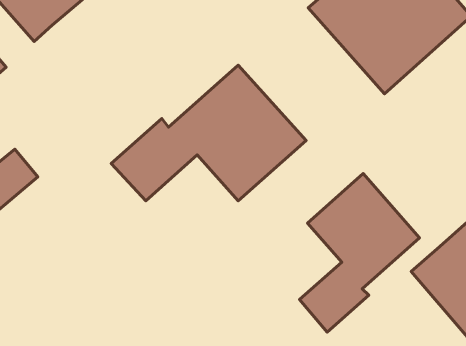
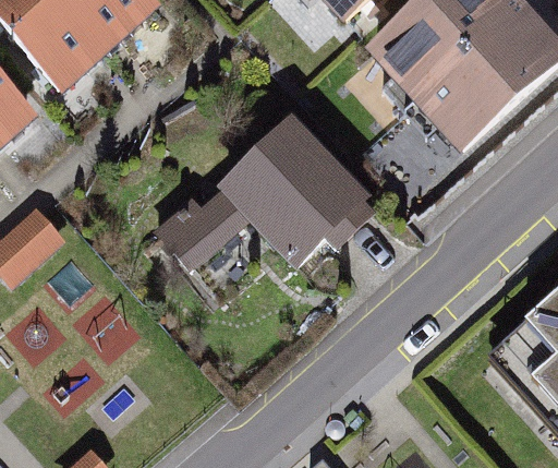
building: [299,174,420,332] -> none

